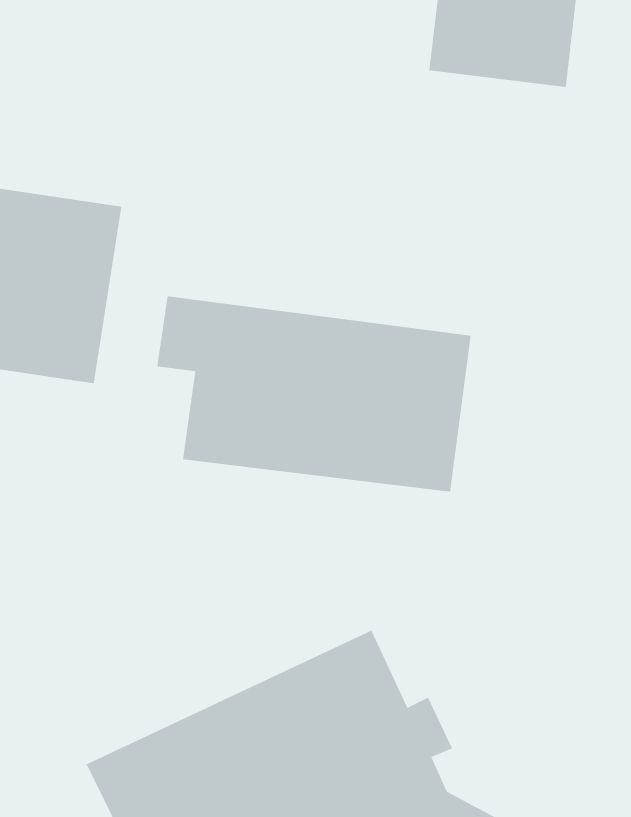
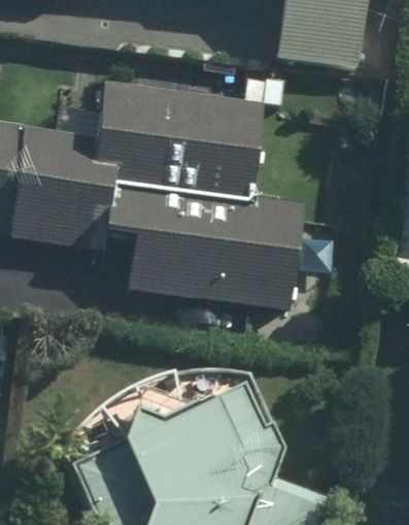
building: none -> [93,81,260,189]

